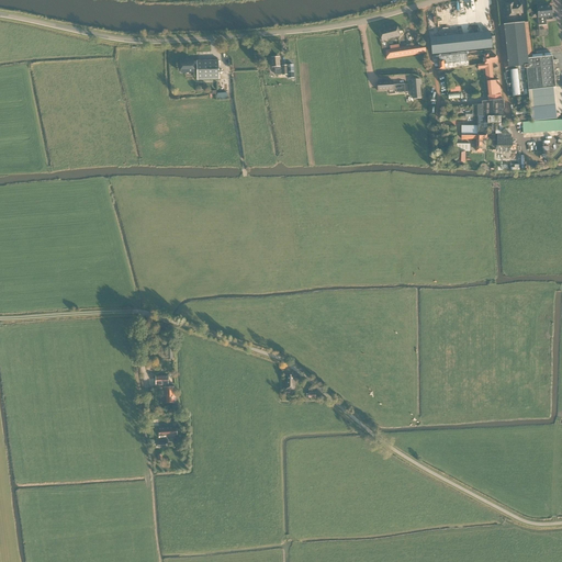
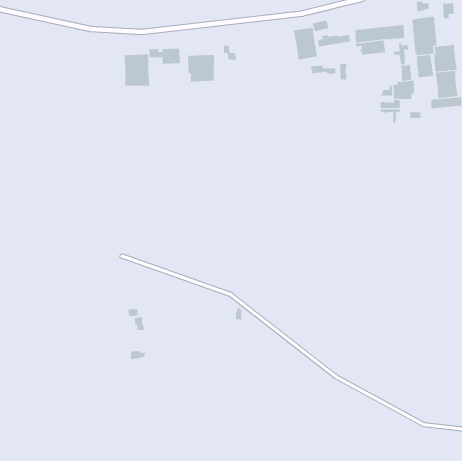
building: none -> [293,27,318,60]
building: none -> [124,54,150,87]
building: none -> [188,54,215,83]

